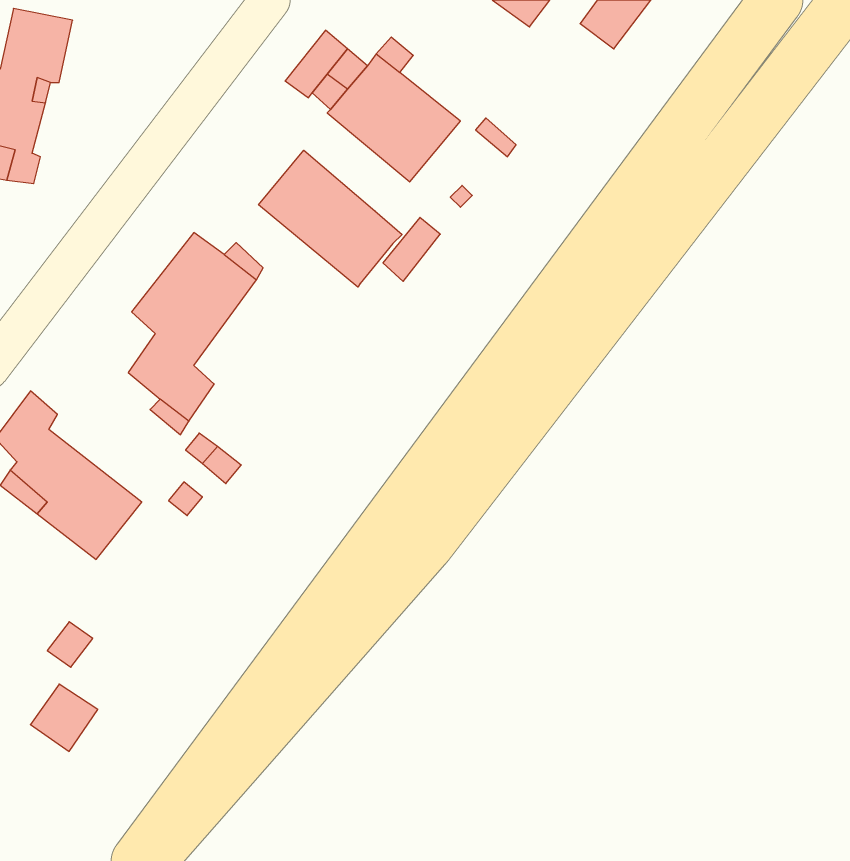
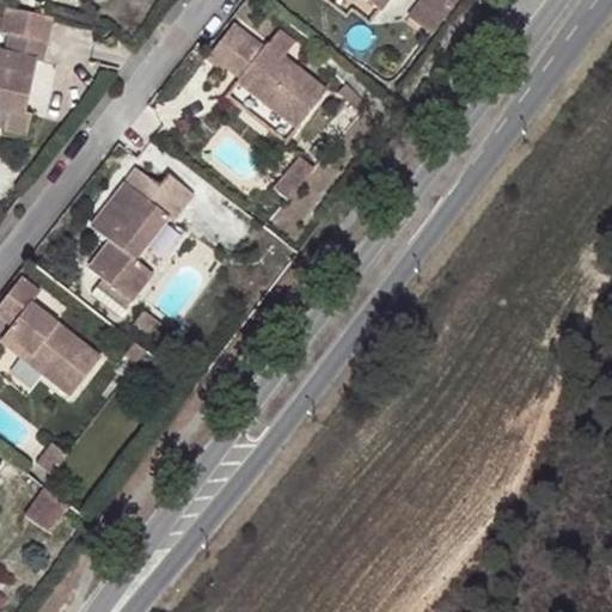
building: [259,150,402,287] -> none

